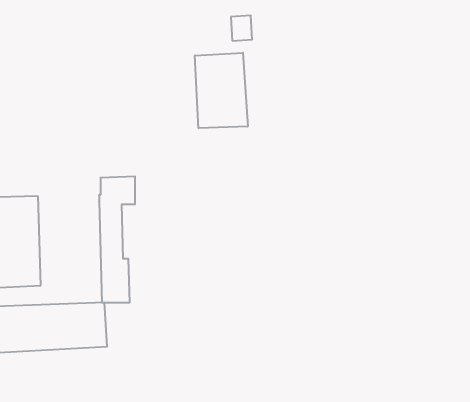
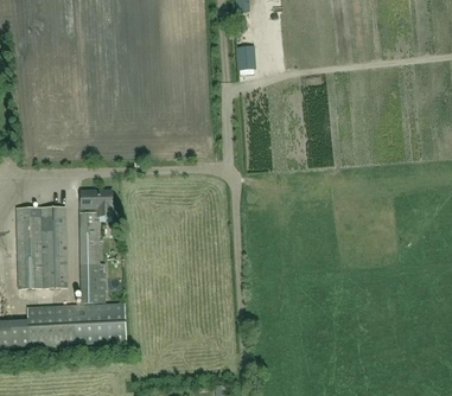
building: [195,53,248,128] -> none
building: [99,176,135,303] -> [78,189,110,301]

